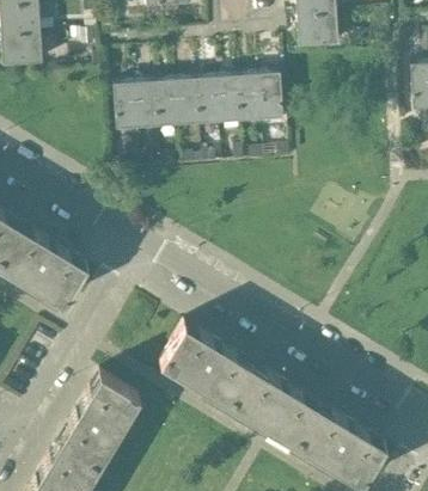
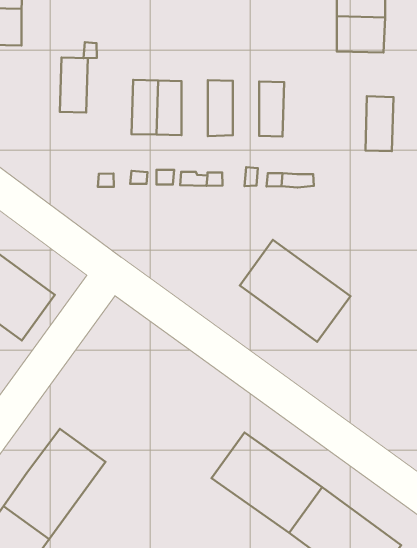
building: [262,78,286,123] -> [365,96,393,151]
building: [220,80,245,125] -> none
building: [178,82,203,129] -> none
building: [117,87,141,133] -> [60,58,88,112]
building: [163,326,253,406] -> [240,240,350,342]

